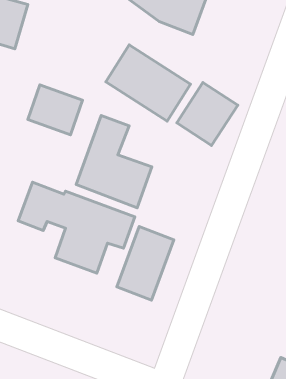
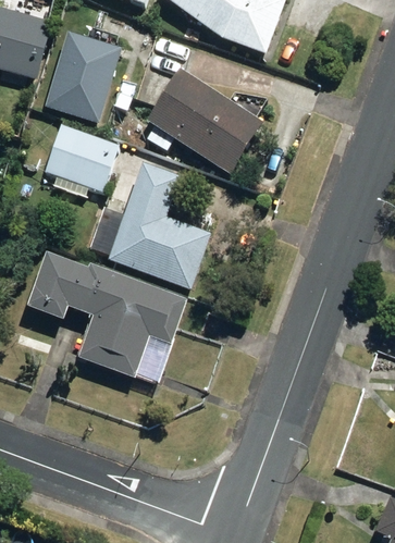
building: none -> [40,26,116,120]
building: [177,82,238,146] -> none
building: [117,226,174,300] -> none

